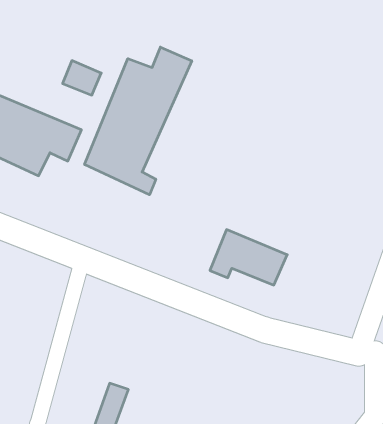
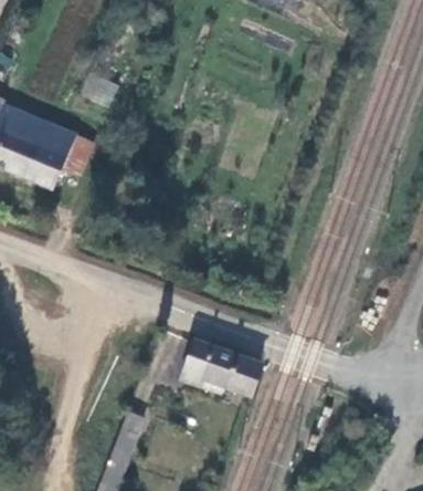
building: [85,47,192,195] -> none
building: [210,230,287,285] -> [176,337,257,396]

